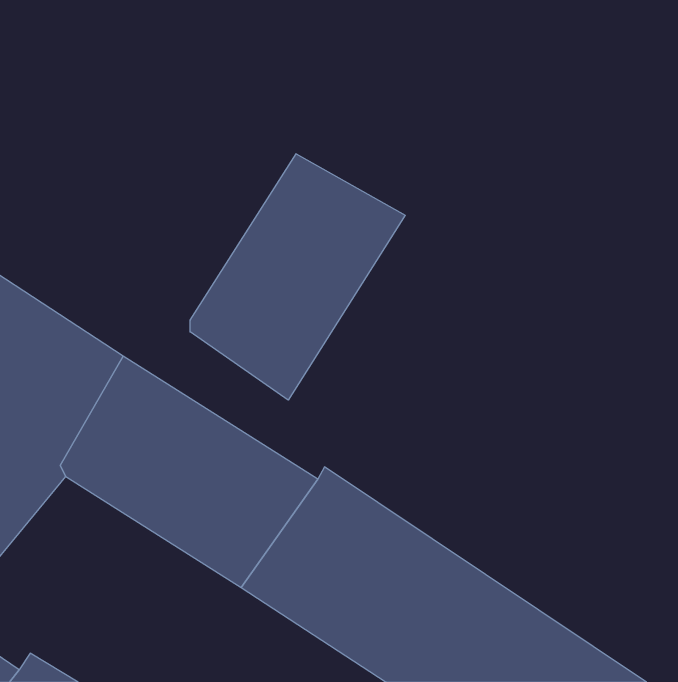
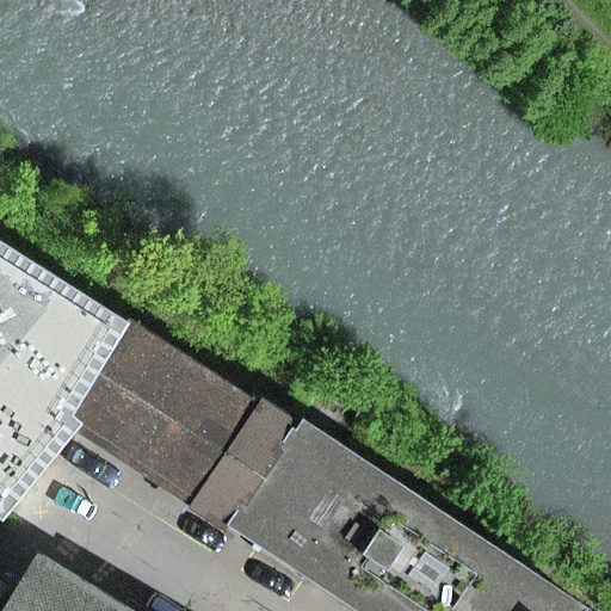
building: [190,154,405,400] -> none

